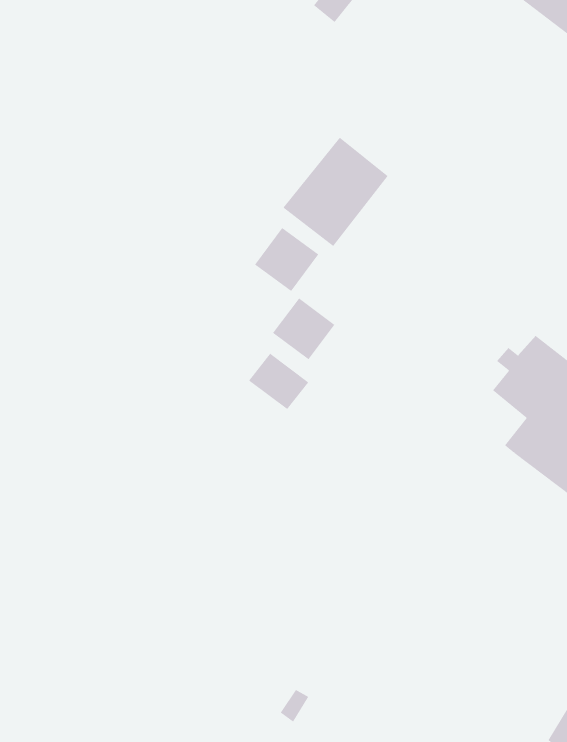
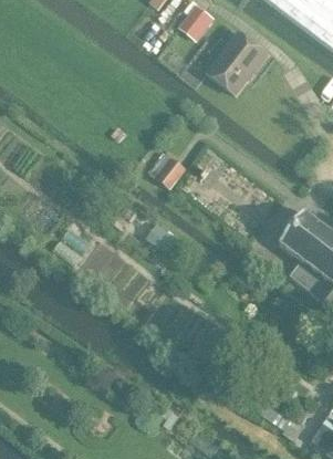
building: [282,137,389,247] -> [207,33,267,95]
building: [272,297,335,360] -> none

